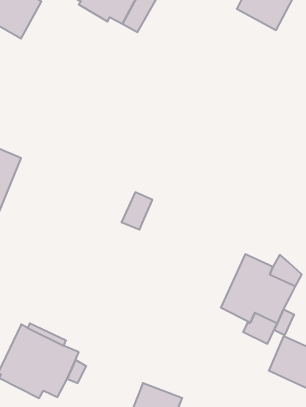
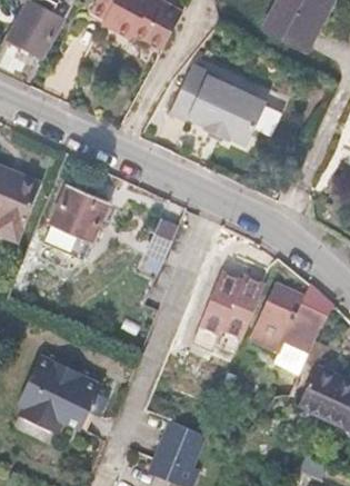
building: none -> [169,65,267,147]
building: none -> [50,185,108,242]
building: none -> [193,272,262,355]

